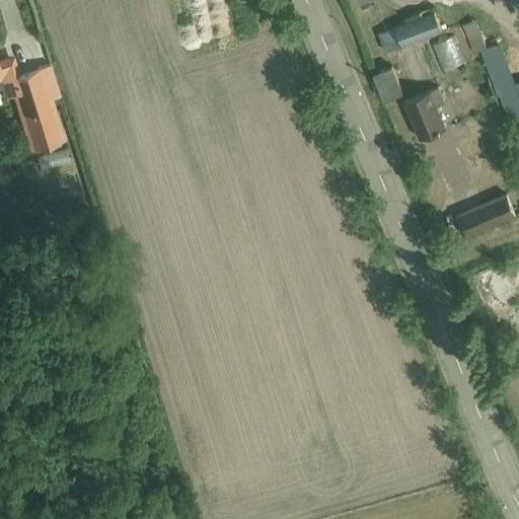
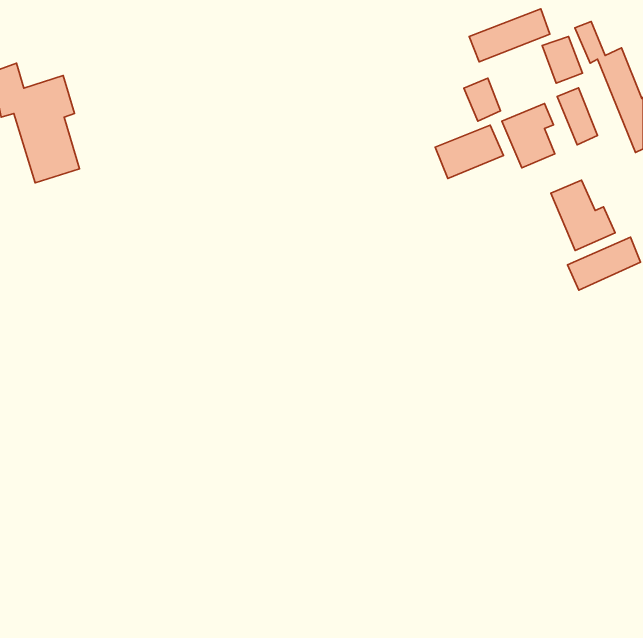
building: none -> [557,88,598,145]
building: none -> [435,125,504,179]
building: none -> [551,180,615,250]

